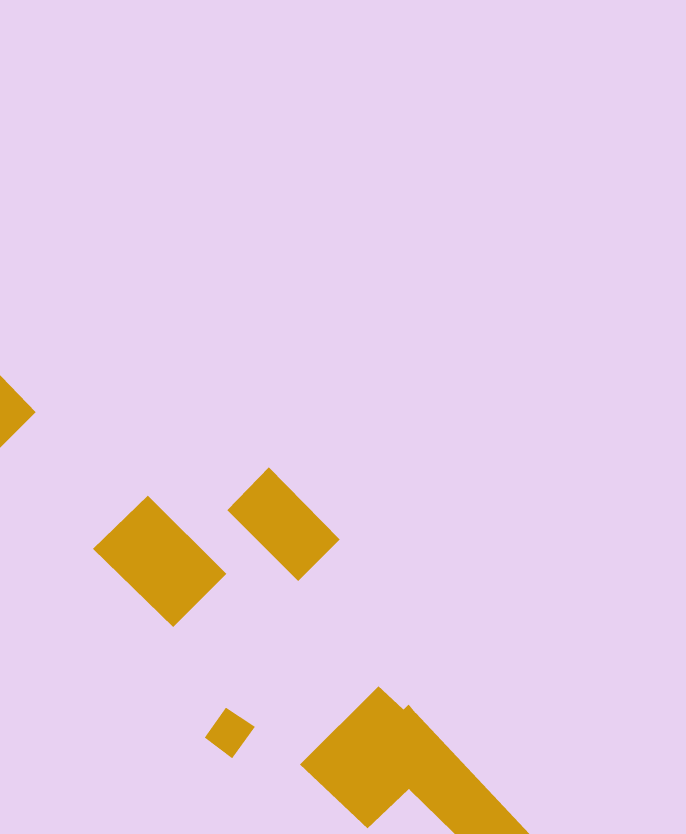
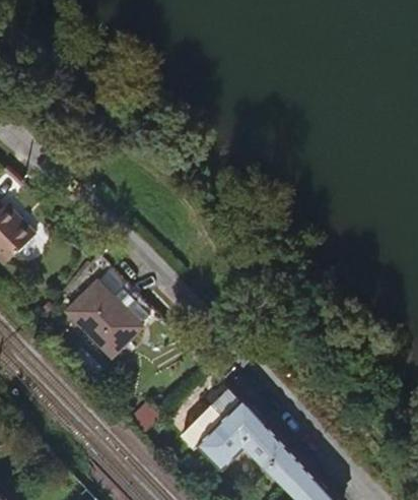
building: [227,466,340,582] -> none

